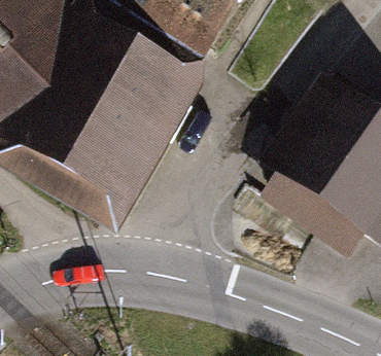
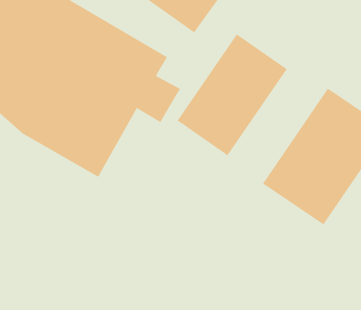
building: none -> [177,33,288,156]

